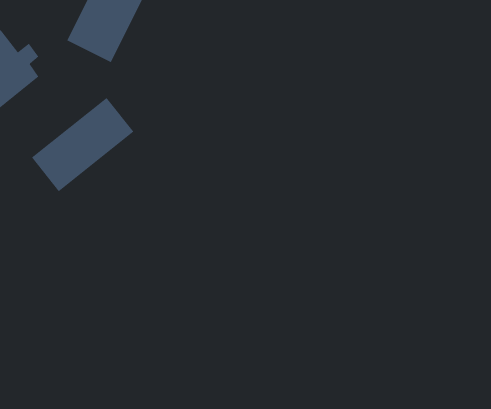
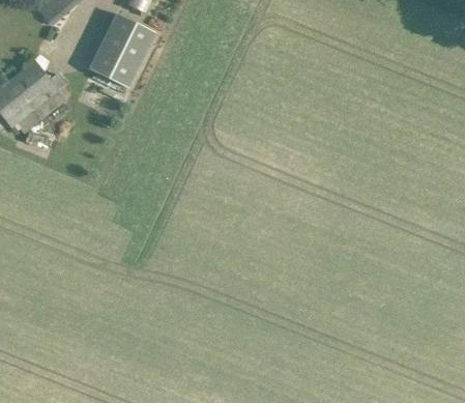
building: [31,97,134,192] -> none

